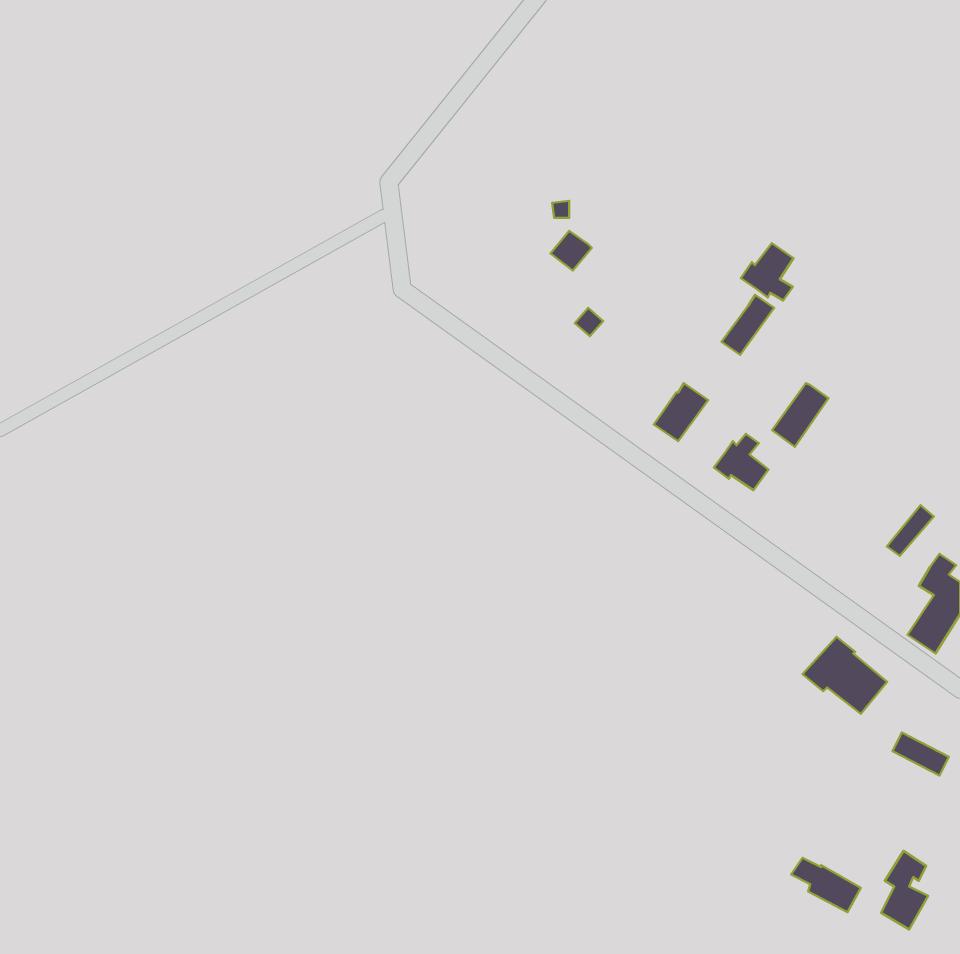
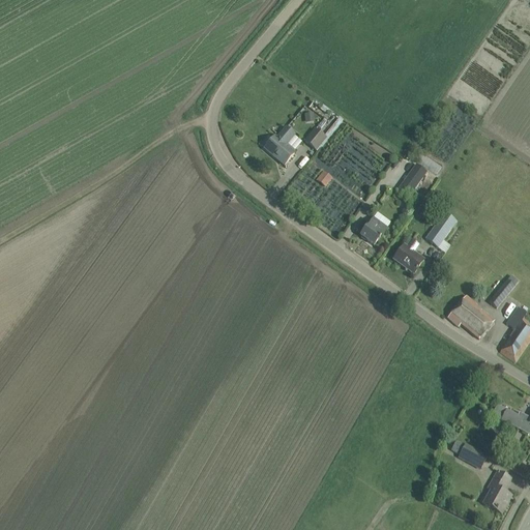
building: none -> [265,126,294,163]
building: [741,243,793,301] -> none
building: [803,637,887,714] -> [447,295,494,337]
building: [791,858,861,912] -> [449,438,488,468]

